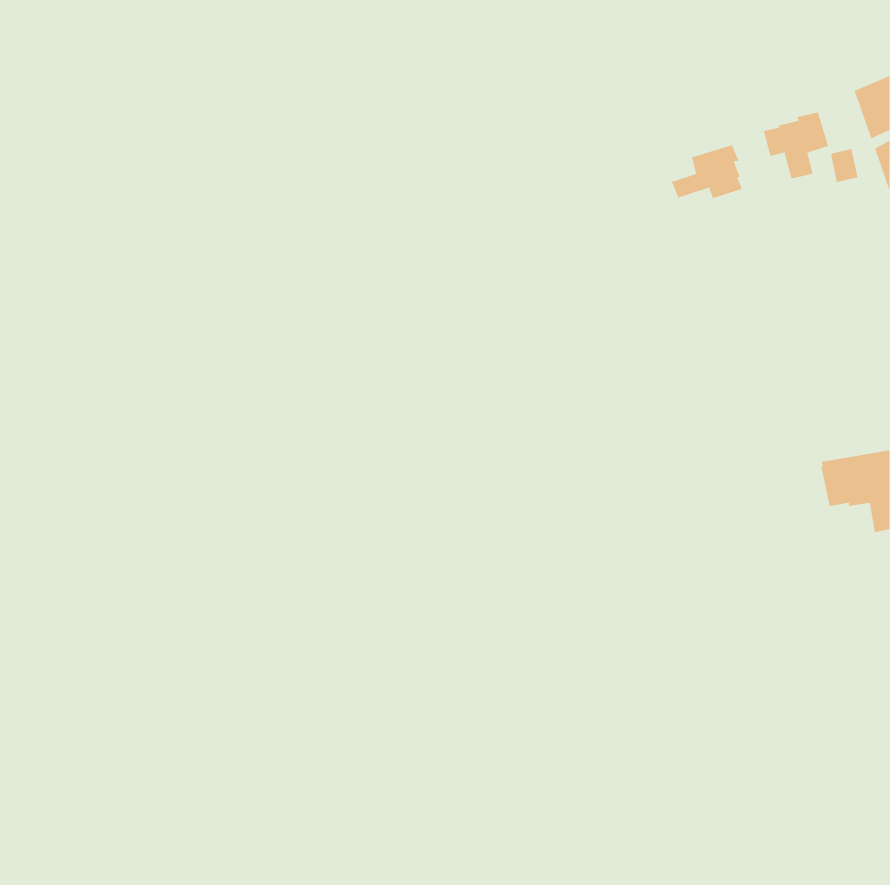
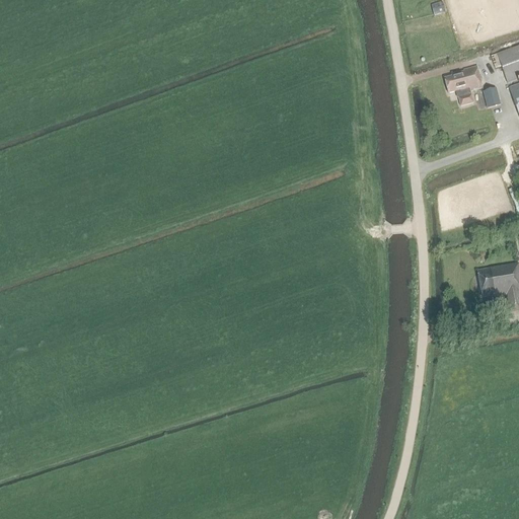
building: [671,144,743,199] -> none

